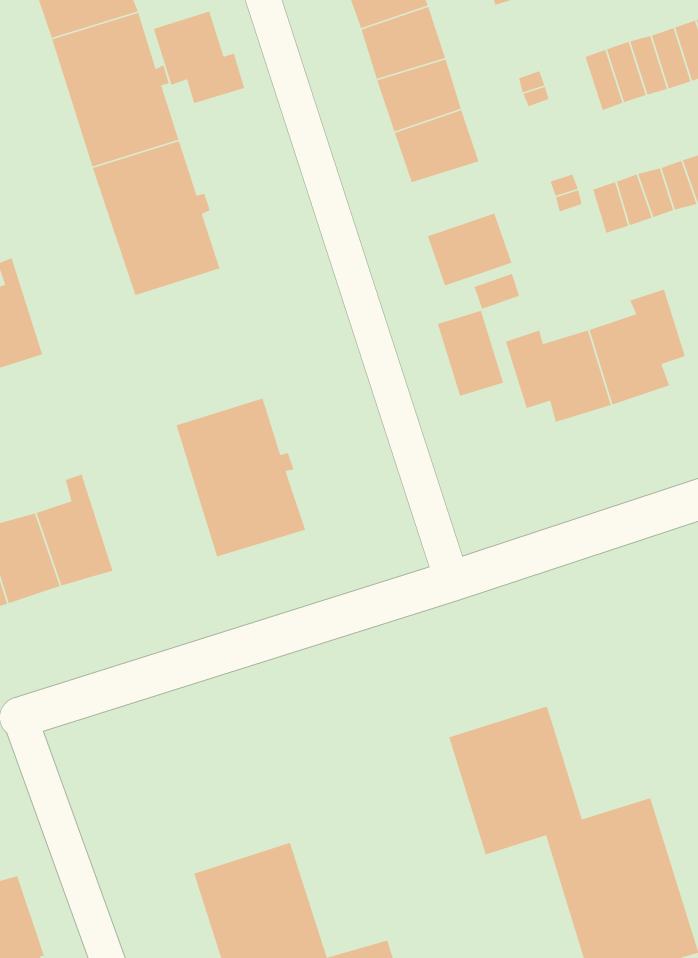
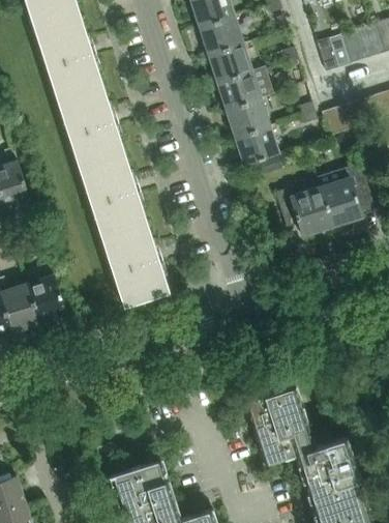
building: [153,11,245,104] -> none
building: none -> [226,97,270,137]
building: none -> [79,154,147,237]
building: [437,310,504,397] -> none

